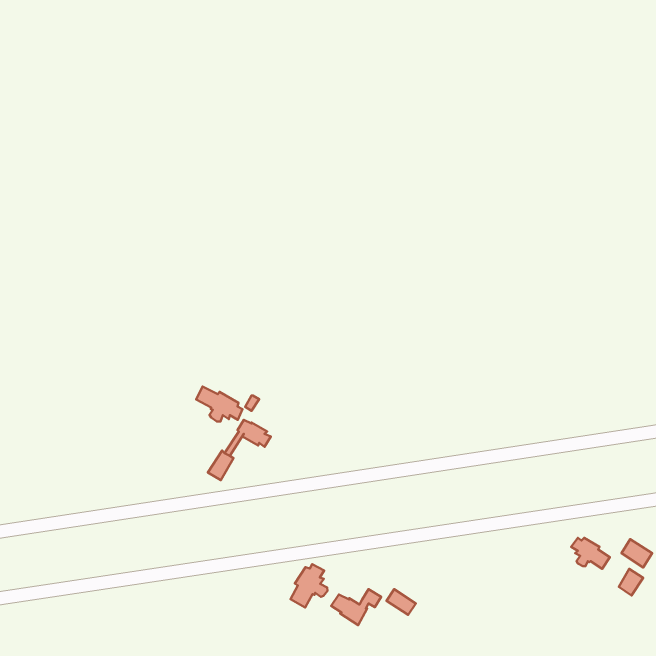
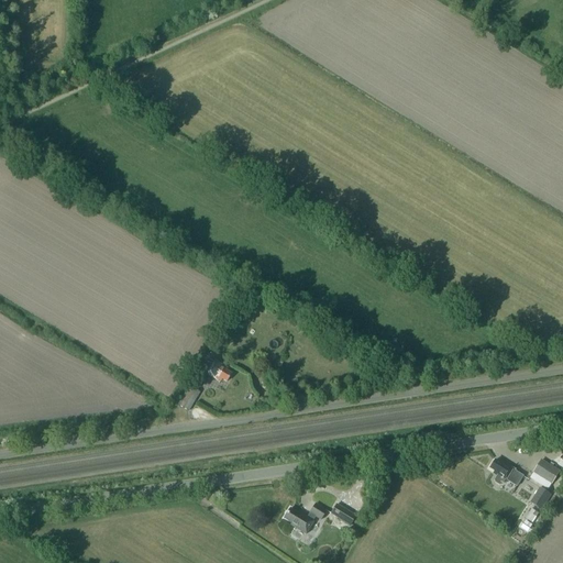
building: [196,386,243,421] -> none
building: [290,564,327,607] -> none

